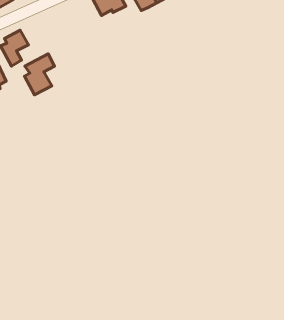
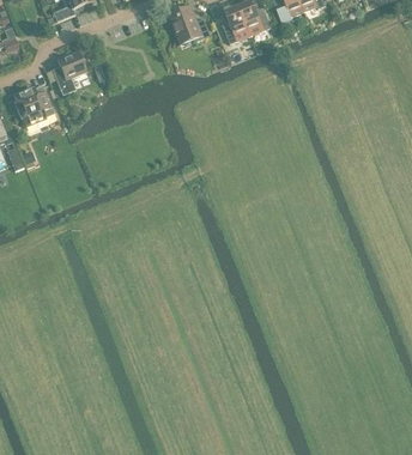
building: [24,54,54,95] -> none

